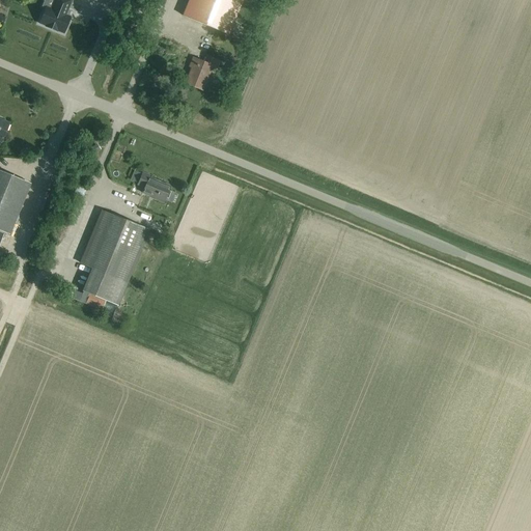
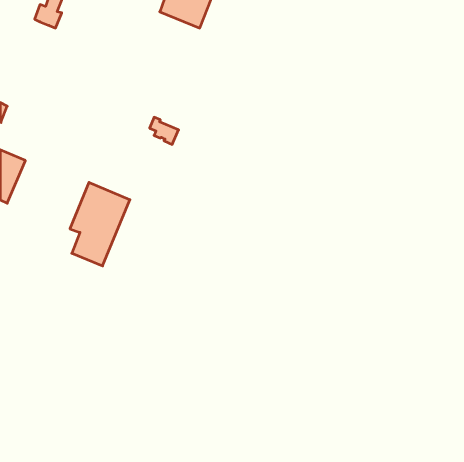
building: [185,54,220,88] -> none
building: [137,170,170,201] -> [150,117,179,144]

